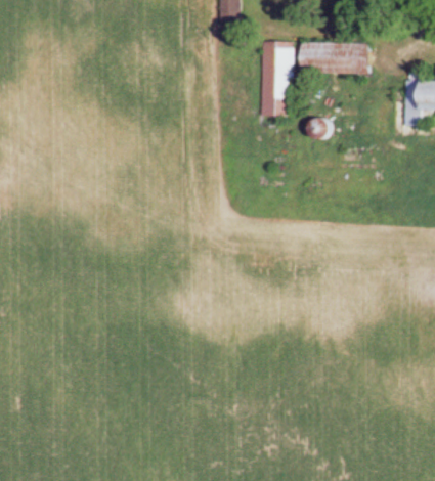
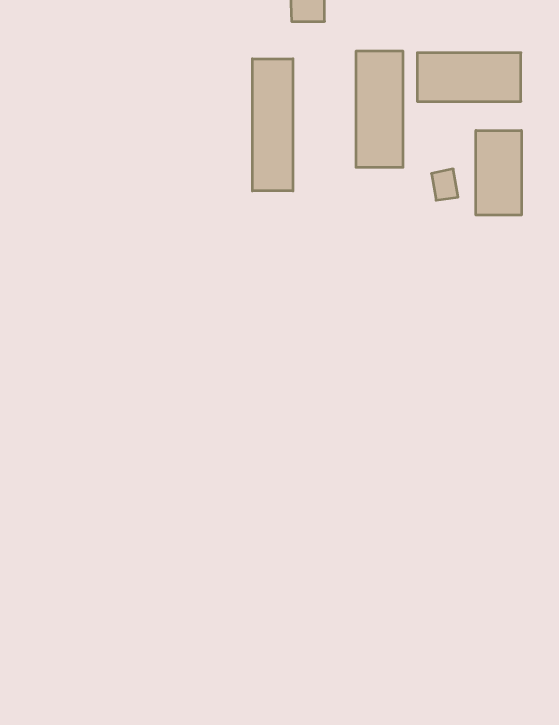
building: none -> [252,59,293,191]
building: none -> [476,130,521,215]

